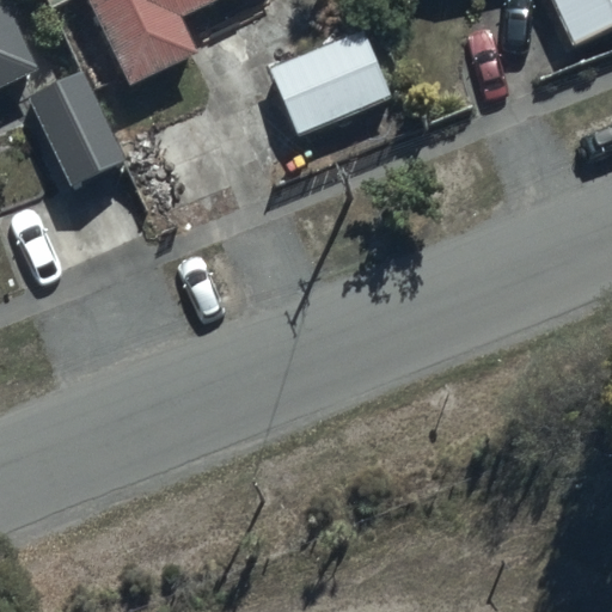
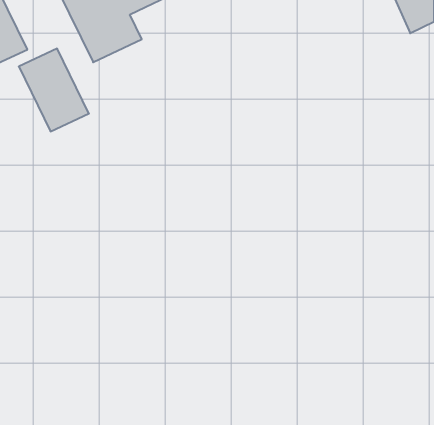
building: [268,26,390,136] -> none

